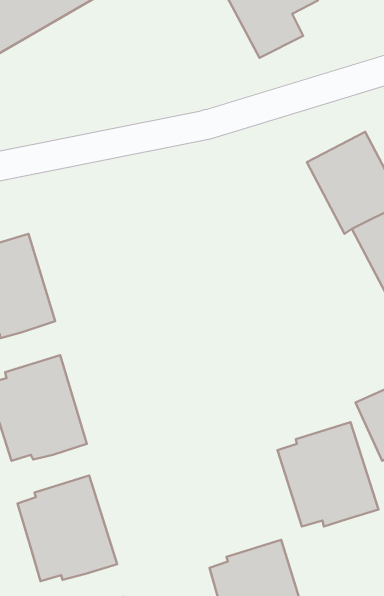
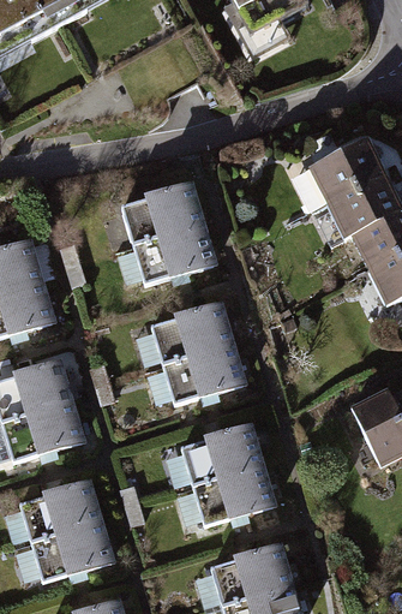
building: none -> [120,180,218,285]
building: none -> [150,300,250,405]
building: [278,422,378,527] -> [180,421,280,524]

